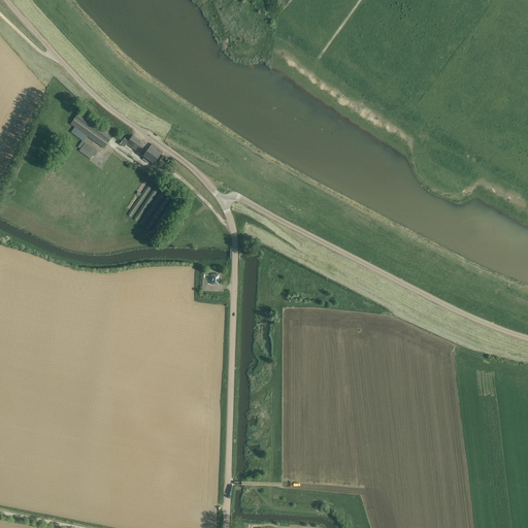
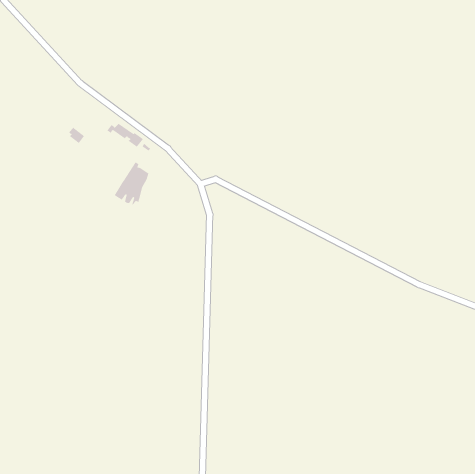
building: [68,114,110,152] -> none

